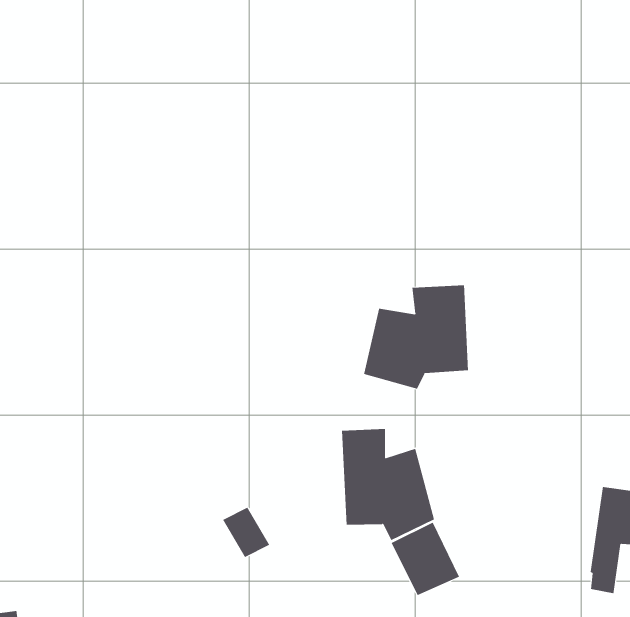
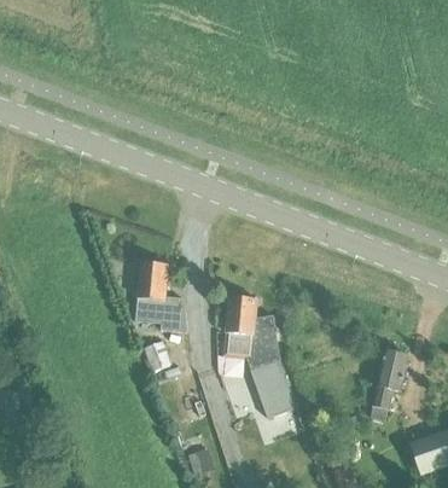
building: [364,285,468,389] -> none
building: none -> [133,263,185,335]

